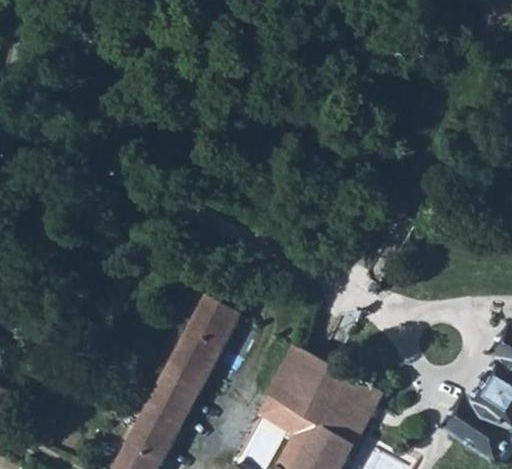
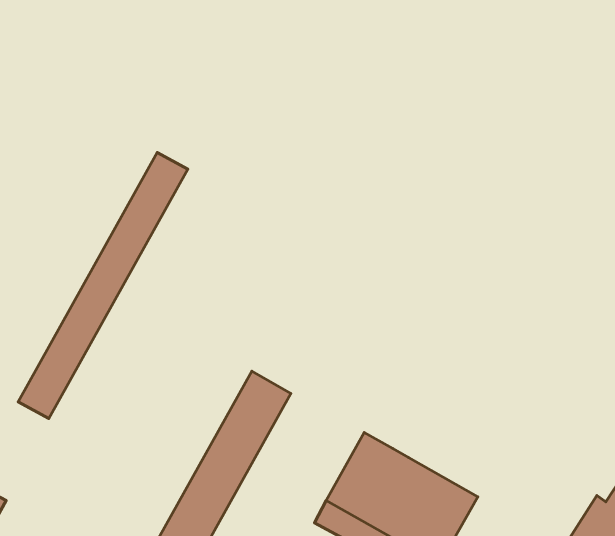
building: none -> [18,153,188,419]

